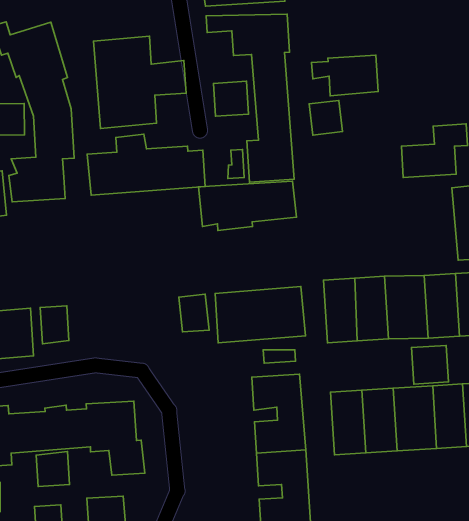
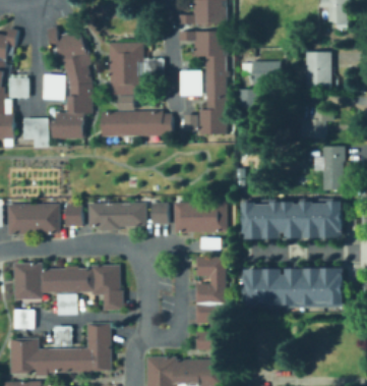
building: none -> [306,51,332,88]
building: [199,181,296,230] -> [88,203,147,230]
building: [412,345,448,384] -> none

